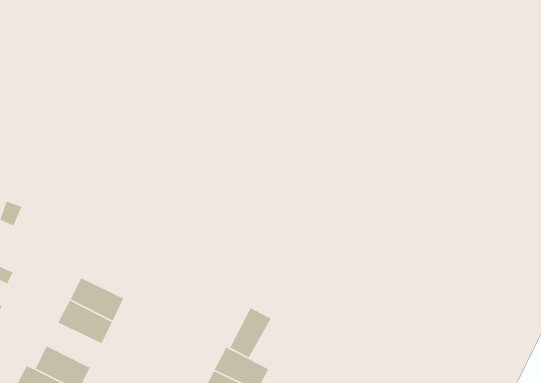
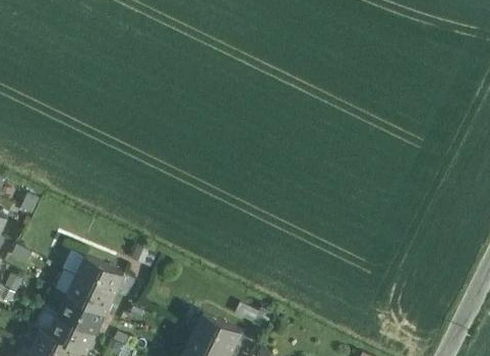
building: [229,307,272,358] -> none
building: none -> [57,294,103,331]

